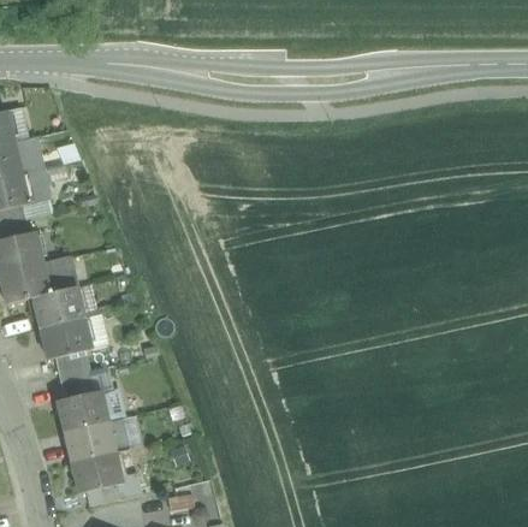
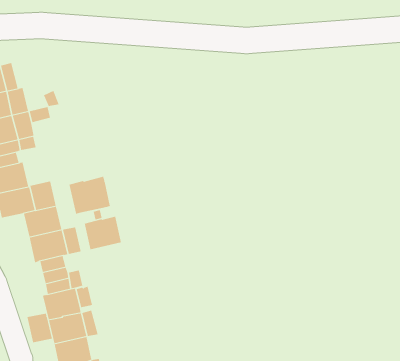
building: none -> [69,176,111,215]
building: none -> [84,216,121,250]
building: none -> [27,313,52,343]

